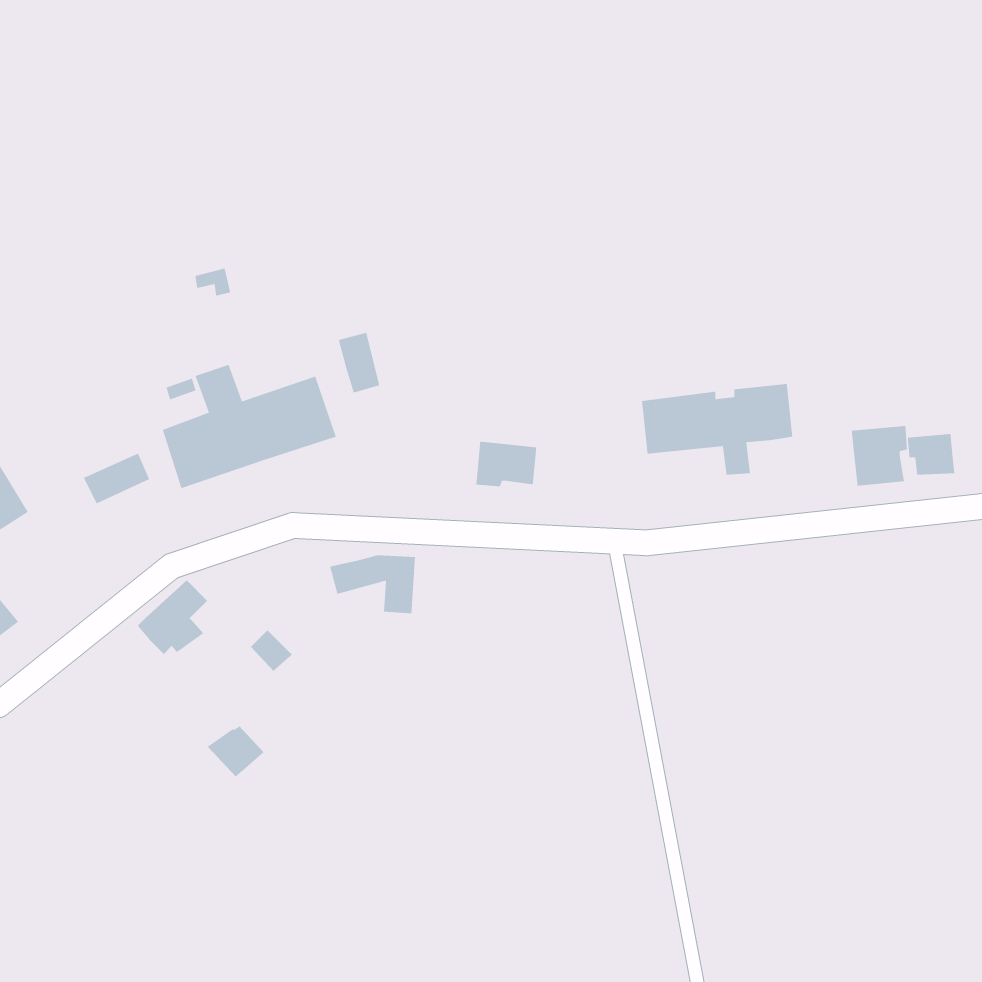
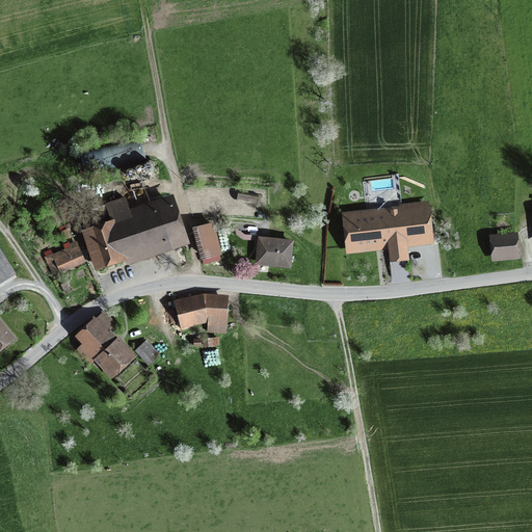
building: [338,332,380,394] -> [195,223,218,257]
building: [851,425,908,486] -> none
building: [207,725,265,777] -> [96,341,127,369]

